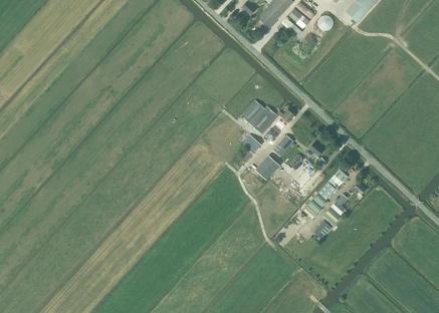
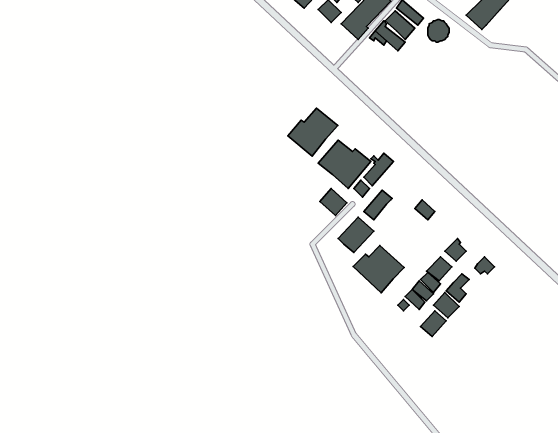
building: none -> [288,108,338,156]
building: none -> [353,246,404,293]

